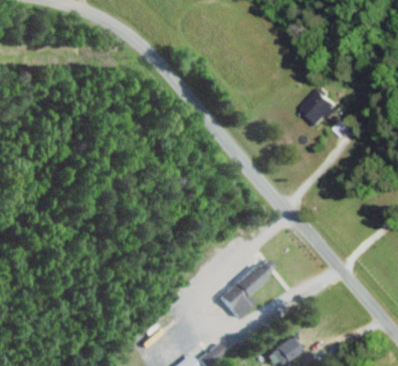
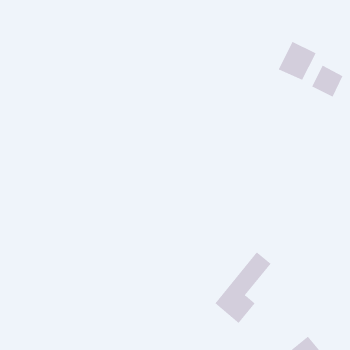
building: none -> [311,65,343,97]

